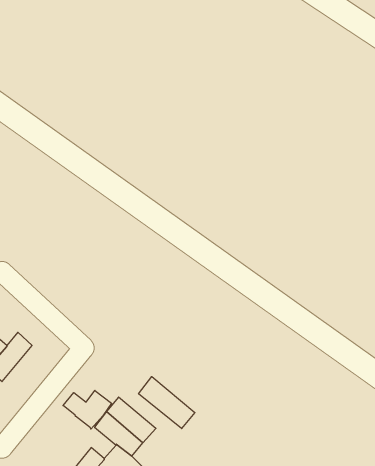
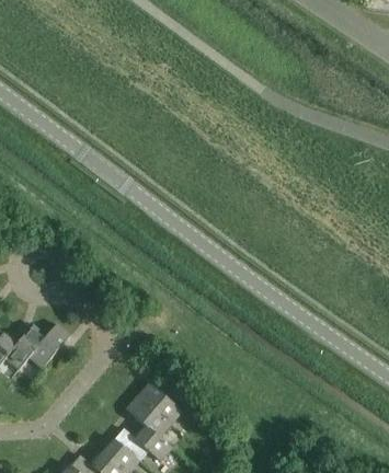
building: [139,377,195,429] -> none
building: [63,390,111,429] -> none

